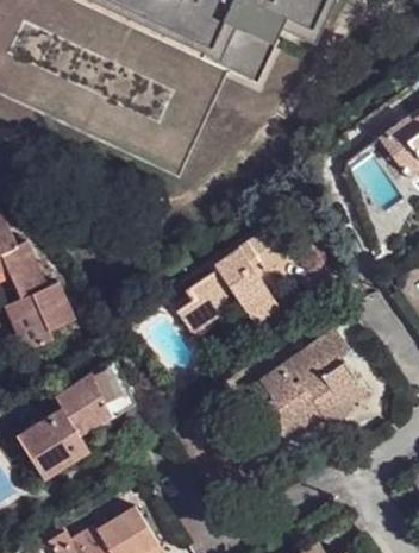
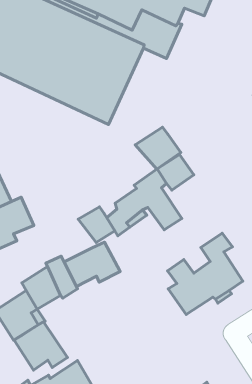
building: none -> [135,127,181,169]
building: none -> [78,207,115,242]
building: none -> [64,242,120,287]
building: none -> [14,322,67,370]

